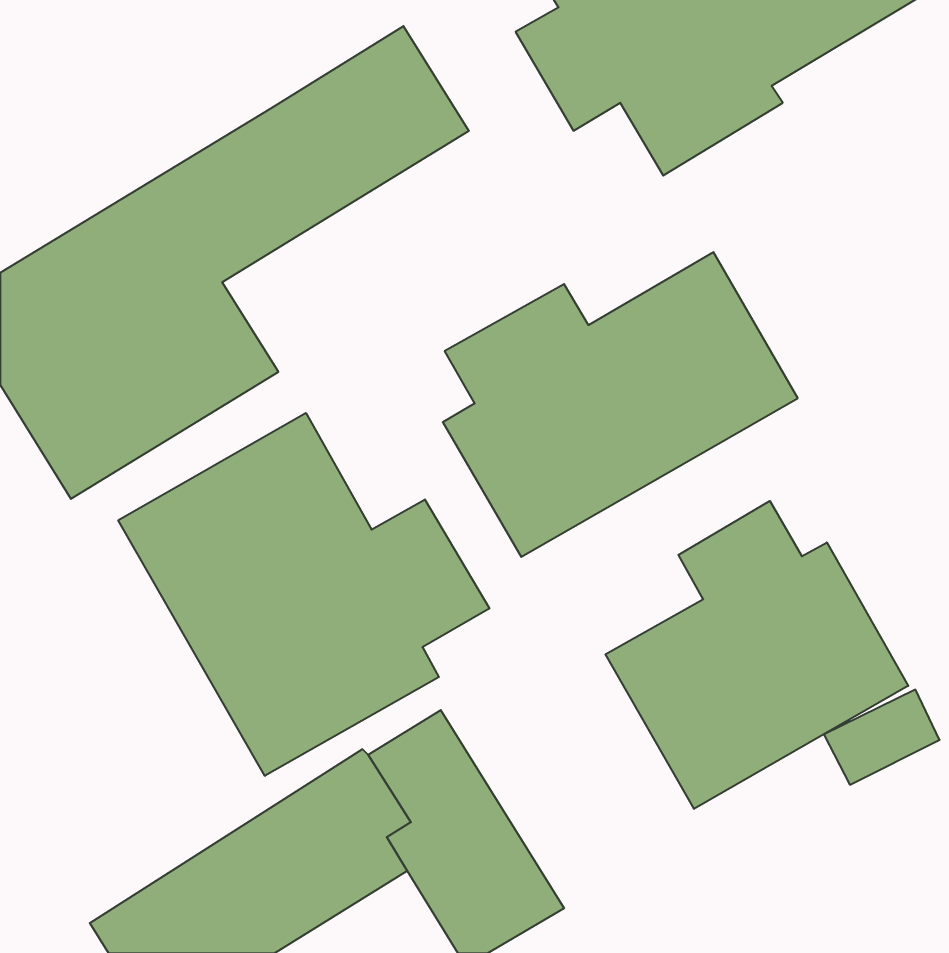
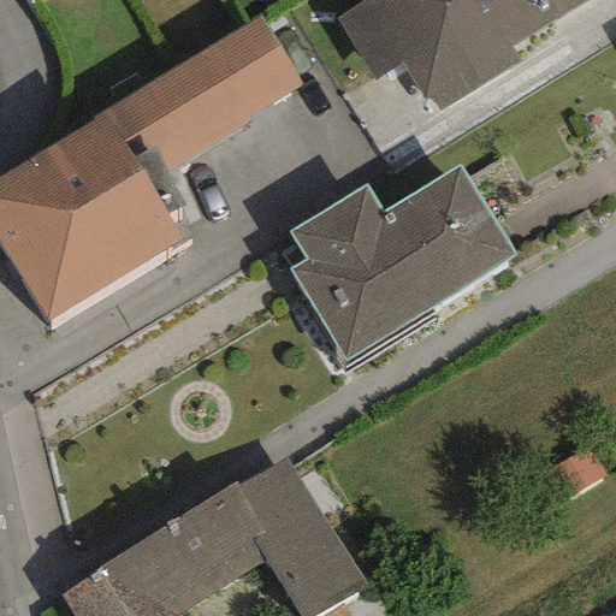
building: [118,413,489,776] -> none
building: [605,501,908,809] -> none

